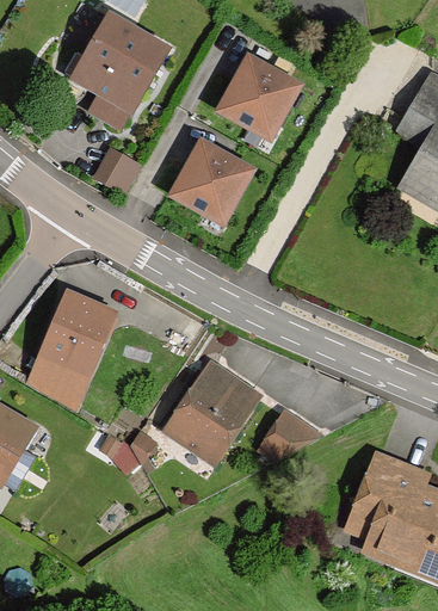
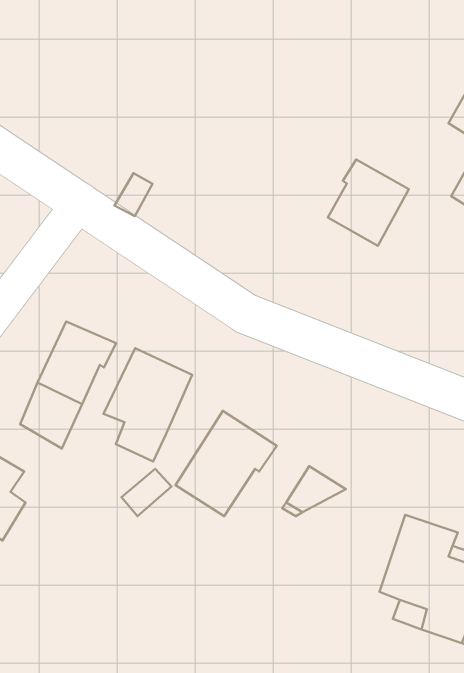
building: [85,21,175,130] -> none
building: [232,64,303,141] -> [328,159,409,246]
building: [184,149,255,226] -> none
building: none -> [103,348,192,462]

